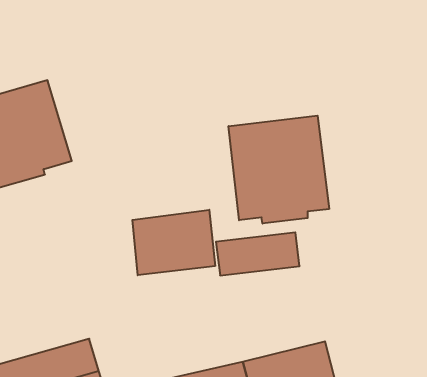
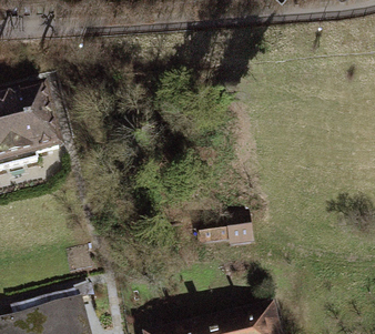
building: [229,116,329,224] -> none
building: [132,210,215,275] -> none

